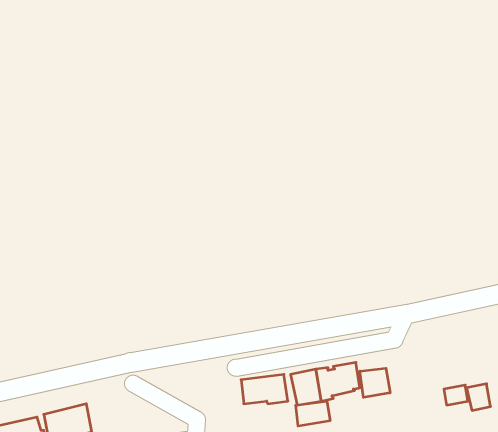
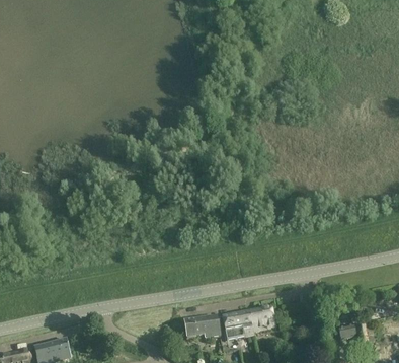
building: [360,368,390,397] -> none
building: [296,401,330,426] -> none

